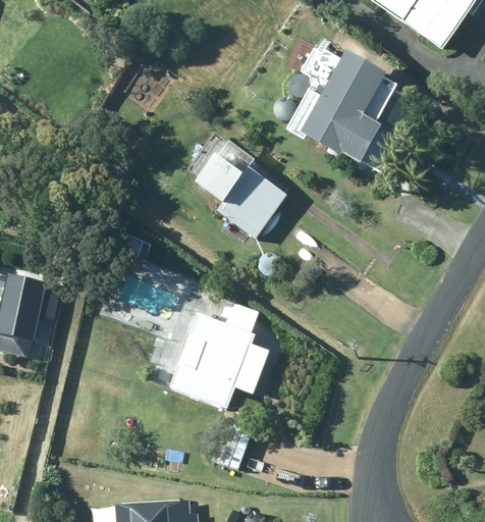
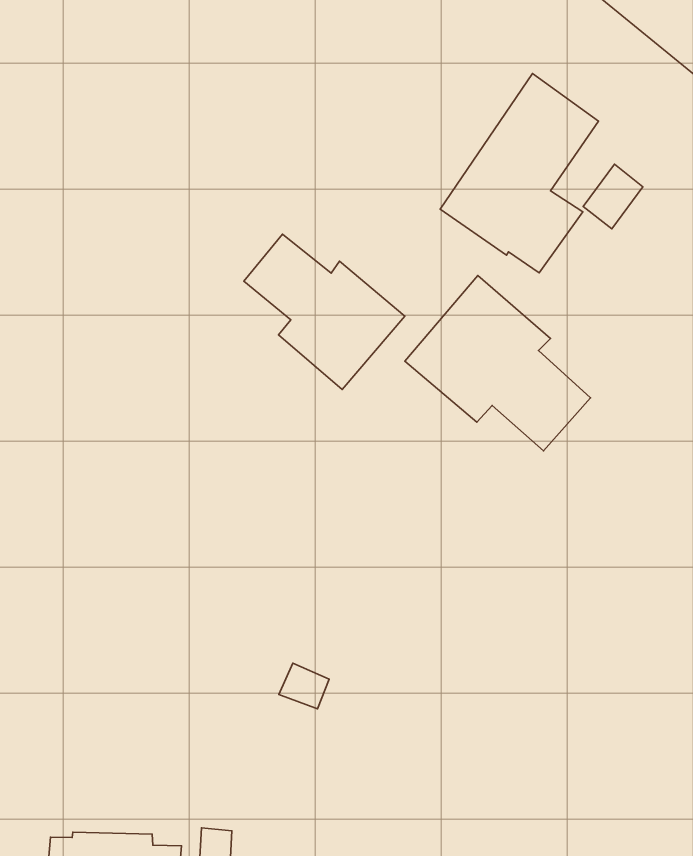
building: none -> [405,275,590,451]
building: [170,312,269,409] -> none

